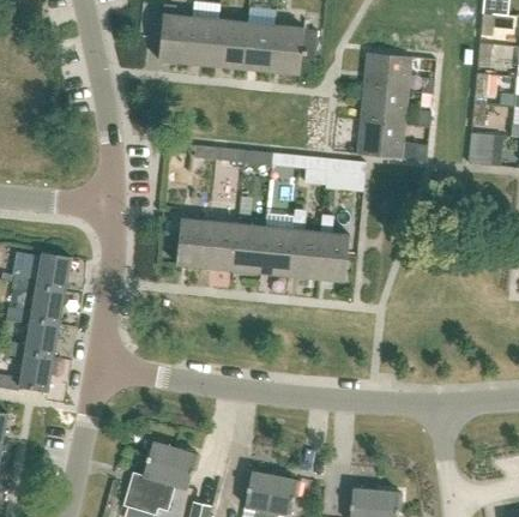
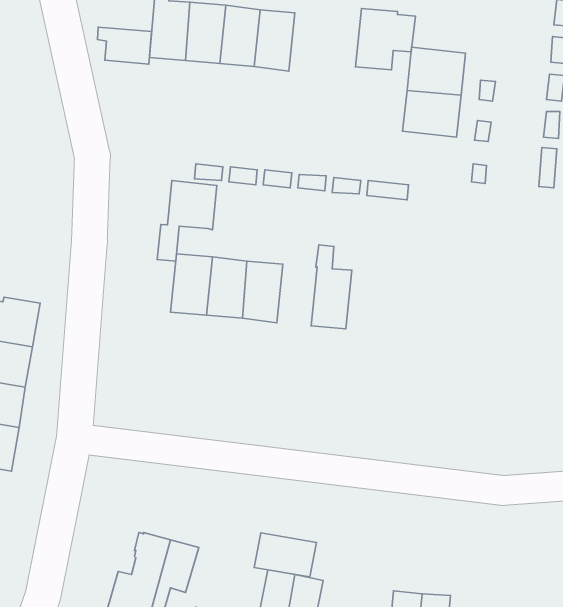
building: [270,25,318,74] -> [356,9,416,70]
building: none -> [98,27,152,64]
building: [357,120,404,160] -> none
building: none -> [157,180,217,261]
building: [315,215,349,282] -> none
building: [260,227,292,276] -> none
building: none -> [254,533,317,577]

